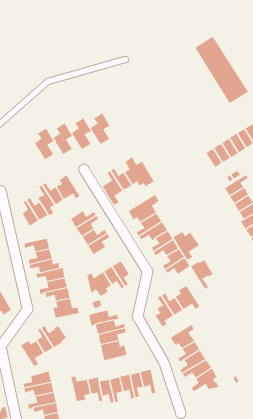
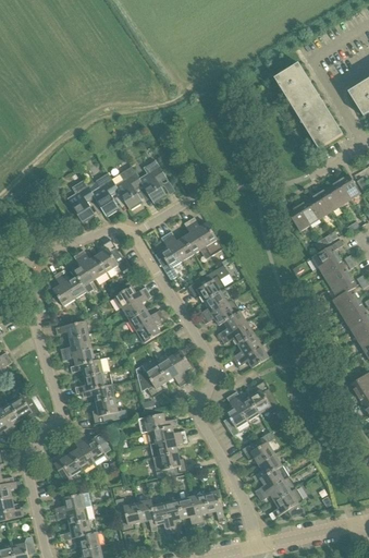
building: [173,231,200,261] -> none
building: [190,259,213,290] -> none

